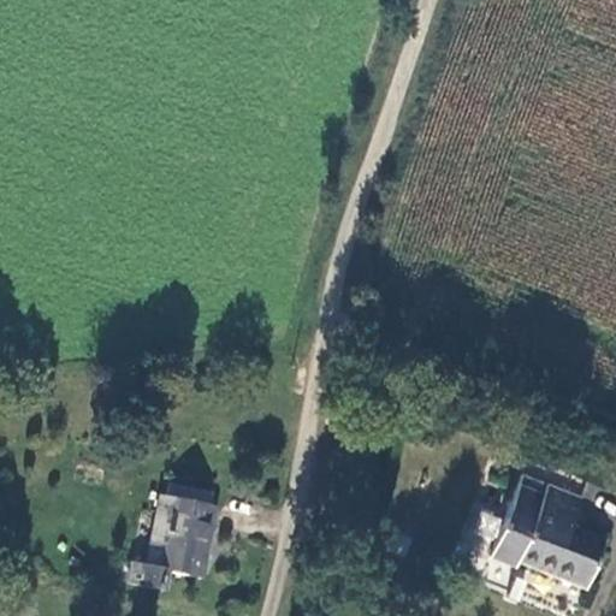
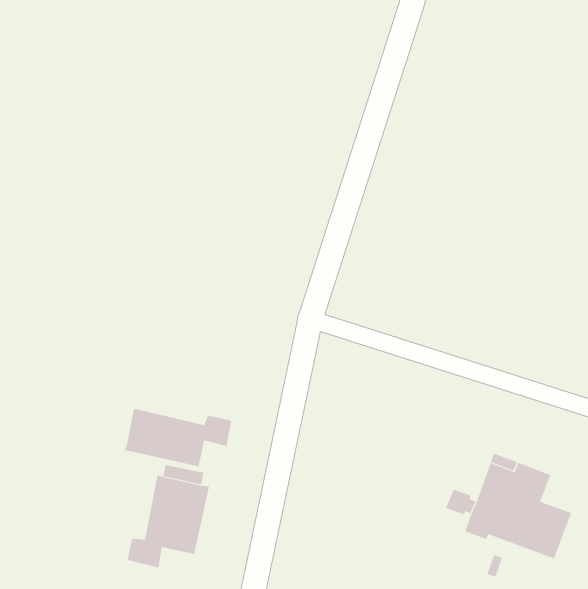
building: none -> [124,408,232,467]

